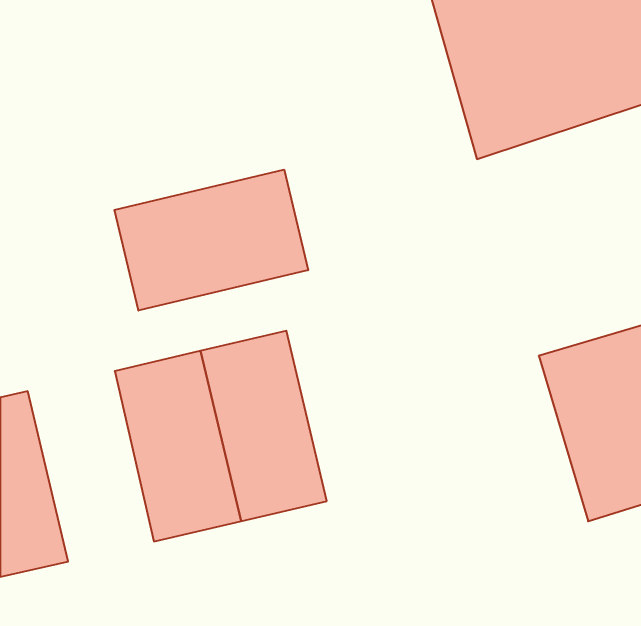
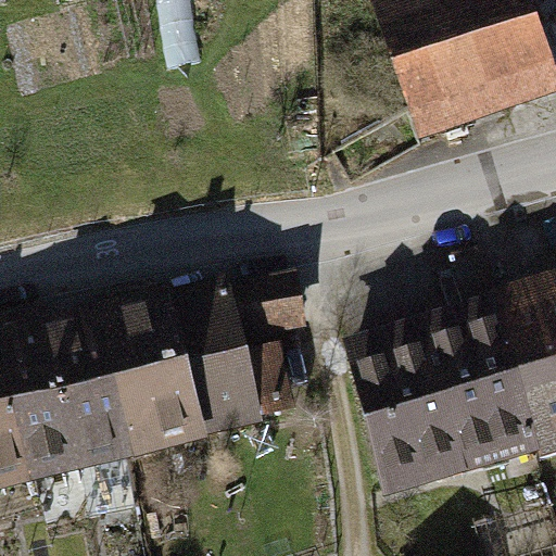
building: [114,170,308,311] -> none
building: none -> [361,306,509,480]
building: none -> [27,319,136,483]

